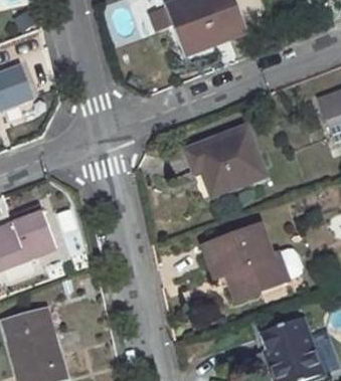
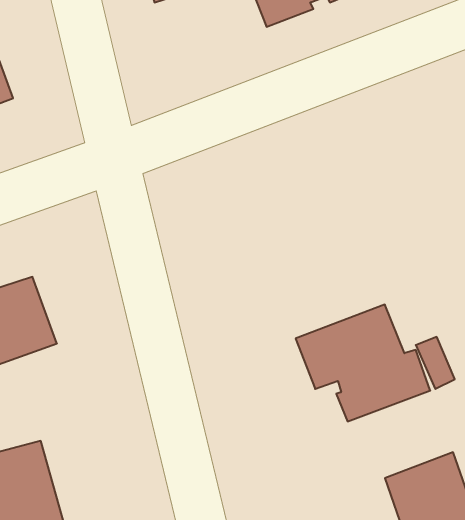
building: [187,128,264,195] -> none

